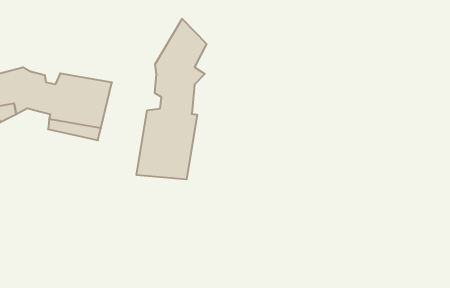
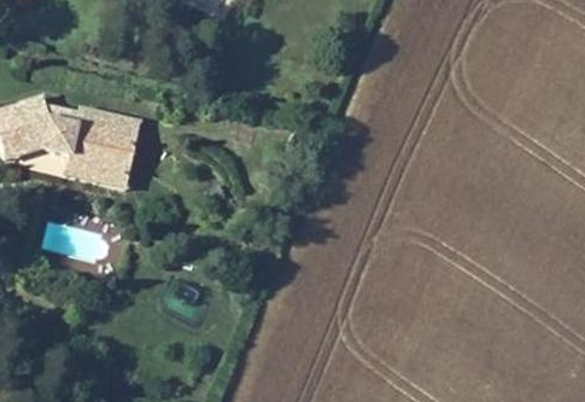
building: [136,19,206,179] -> none

